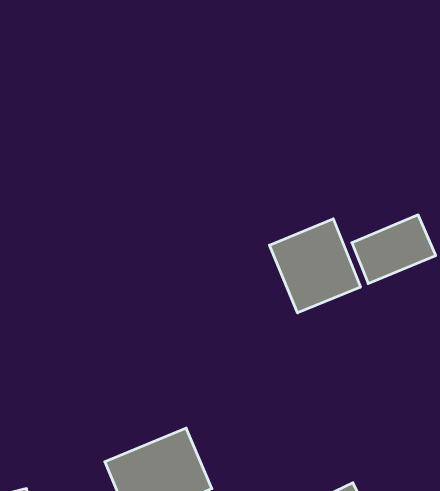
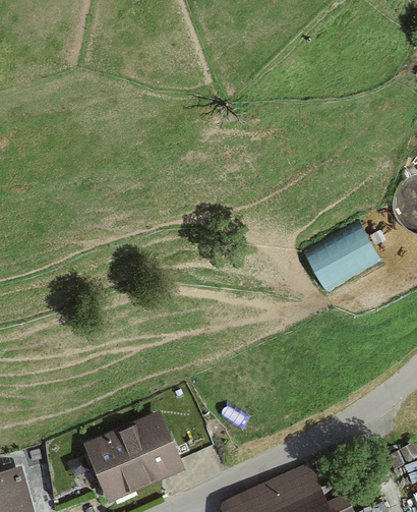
building: [269,219,360,313] -> none

